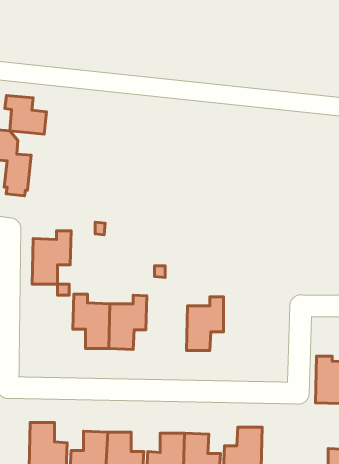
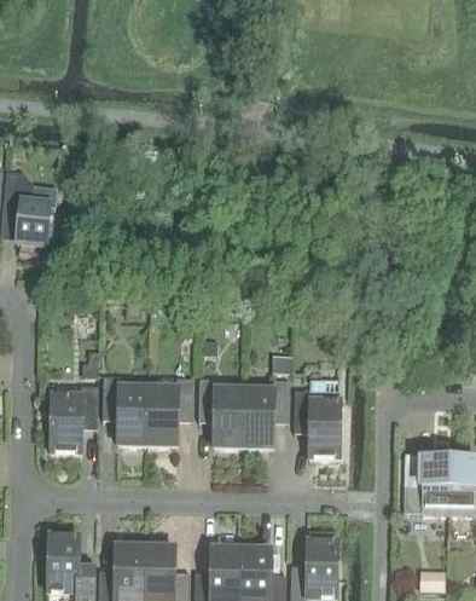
building: [5,96,47,134] -> none
building: [32,231,71,284] -> [50,386,98,452]
building: none -> [198,378,244,446]
building: none -> [294,378,339,458]

